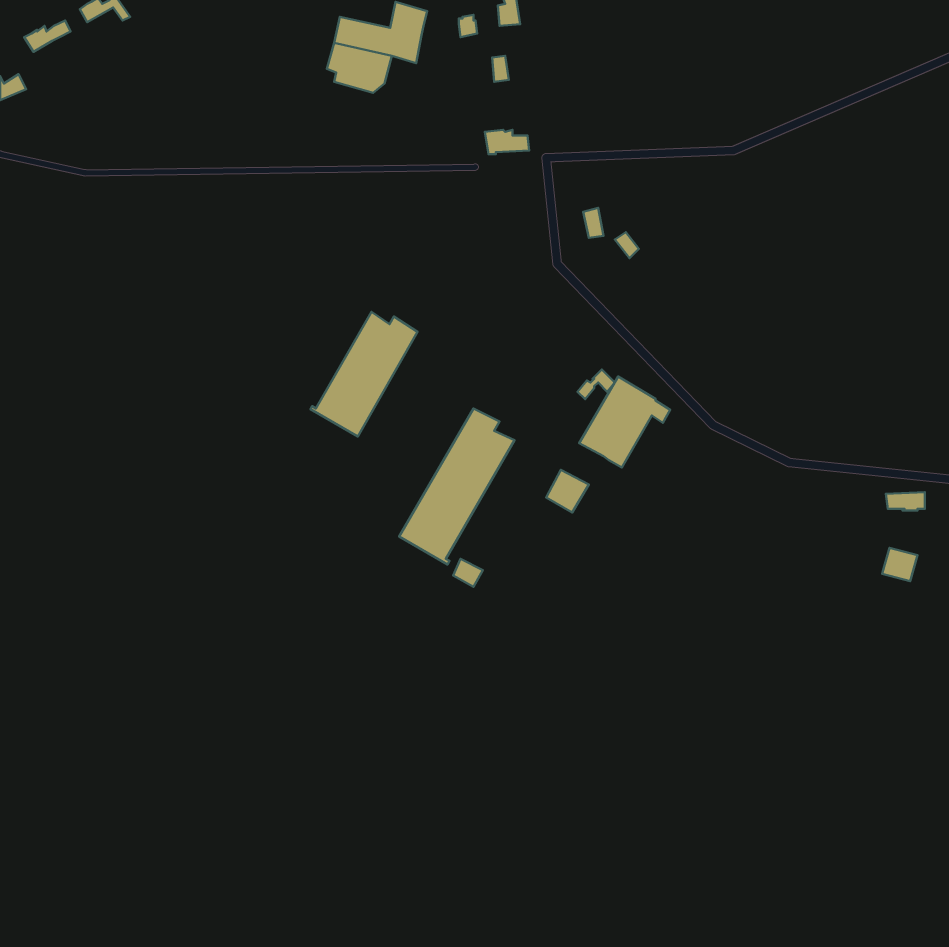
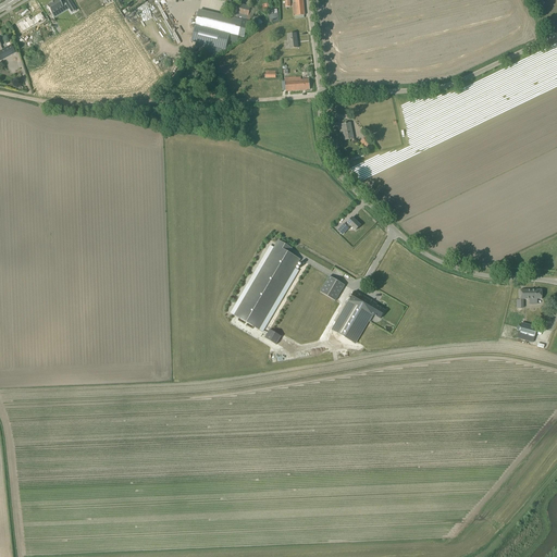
building: [310,312,418,436] -> none
building: [579,376,670,467] -> [332,290,385,344]

